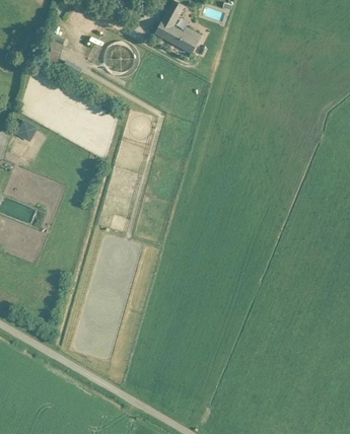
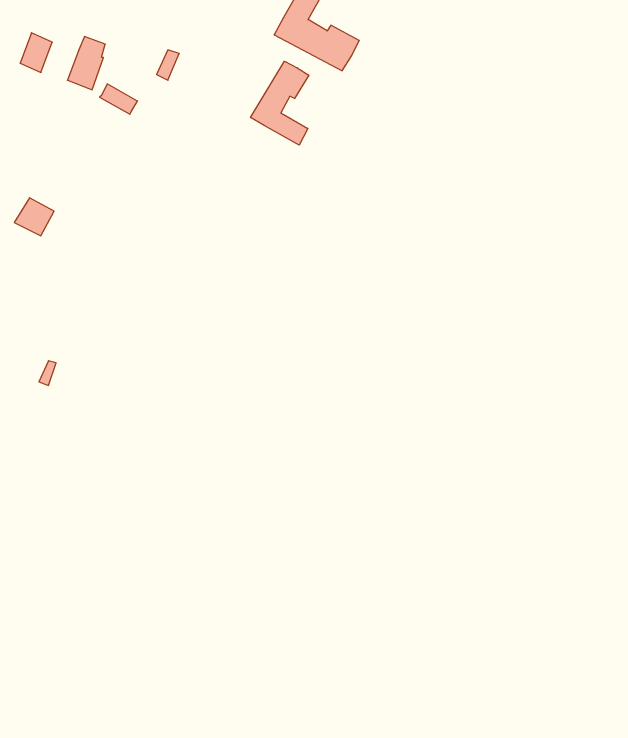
building: none -> [251,61,309,145]

